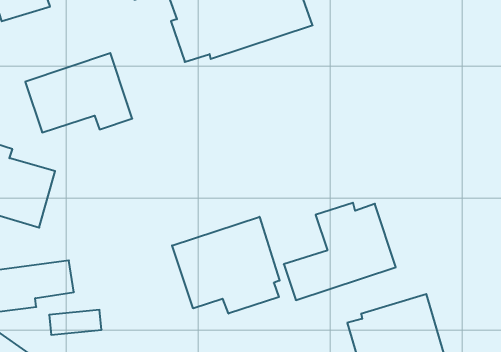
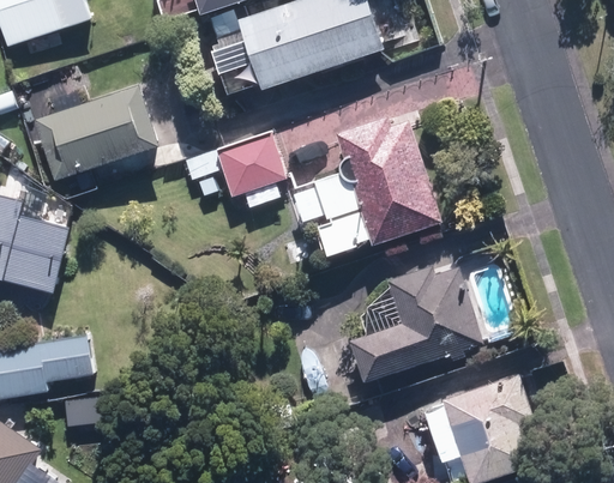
building: none -> [313,116,441,260]
building: none -> [186,131,290,210]
building: [172,217,280,314] -> none

